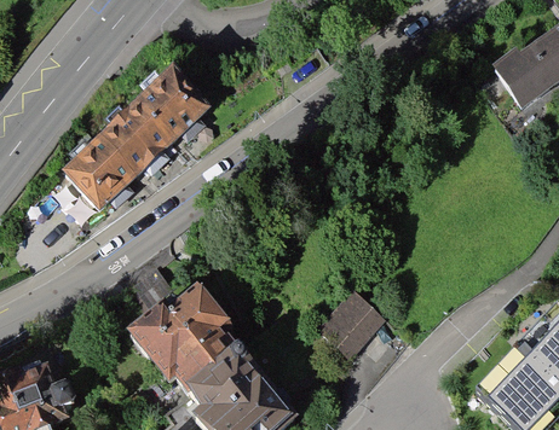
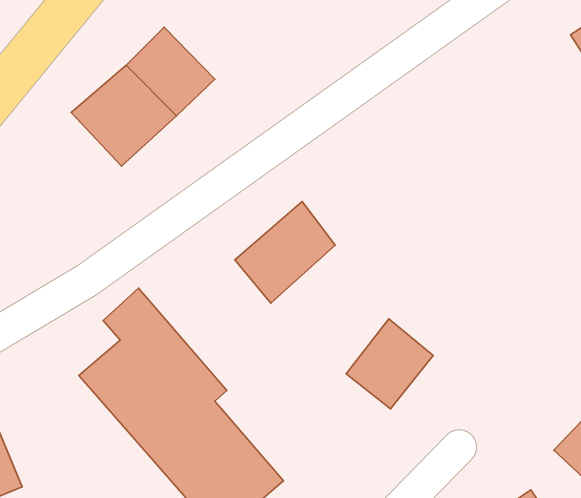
building: [73,122,149,201] -> none
building: none -> [235,202,335,303]

